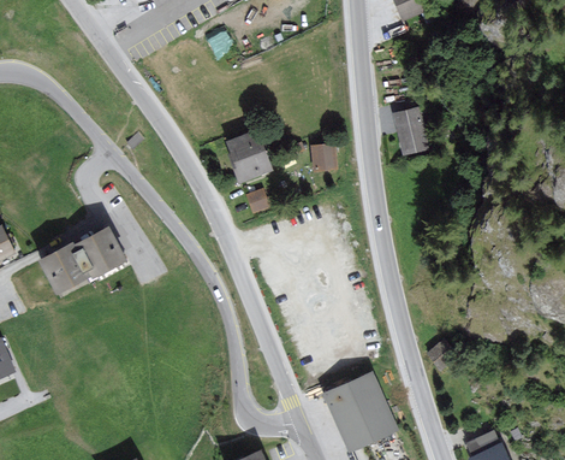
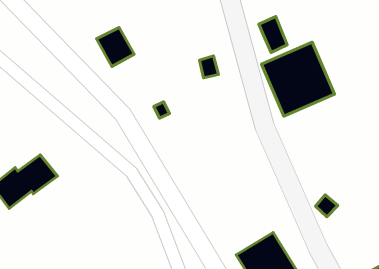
building: [230,132,273,179] -> [97,28,134,67]
building: none -> [262,42,334,116]

